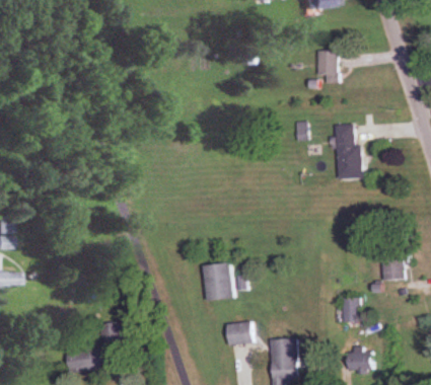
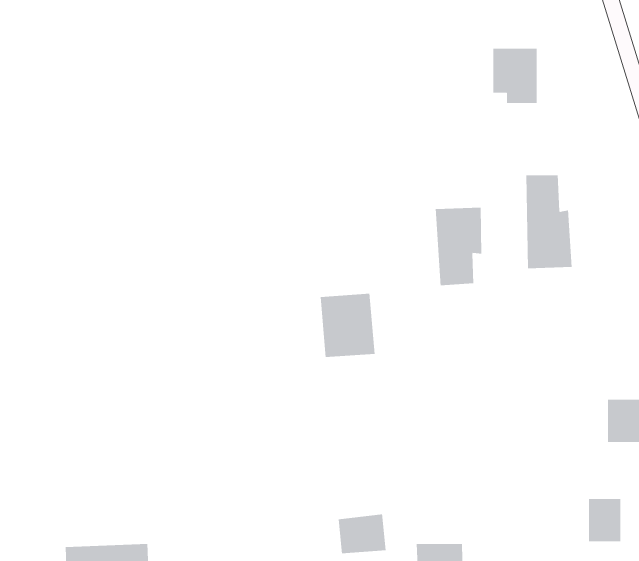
building: none -> [435,207,482,286]
building: [201,263,233,301] -> [320,293,375,358]
building: [340,297,359,322] -> [588,498,621,542]

